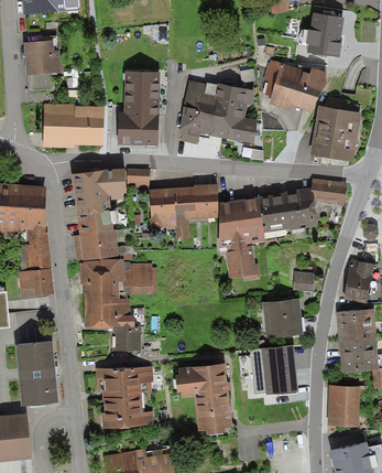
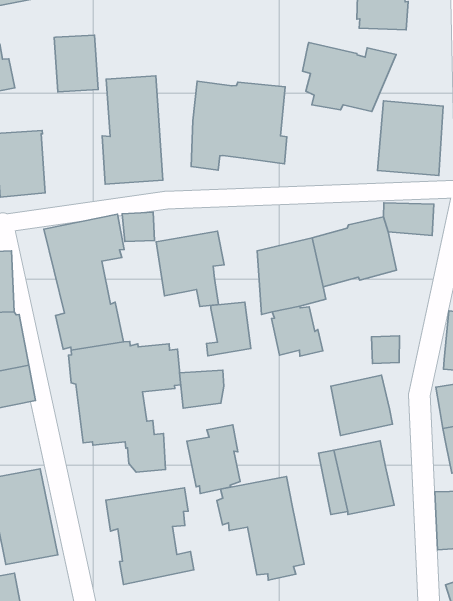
building: [74,106,103,146] -> [54,35,98,92]
building: [187,184,218,219] -> [206,302,251,356]
building: none -> [180,370,224,408]
building: none -> [187,425,240,494]

